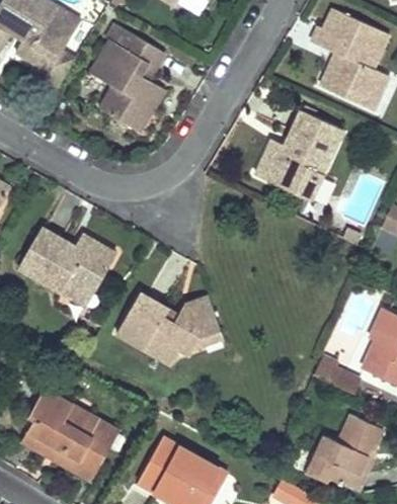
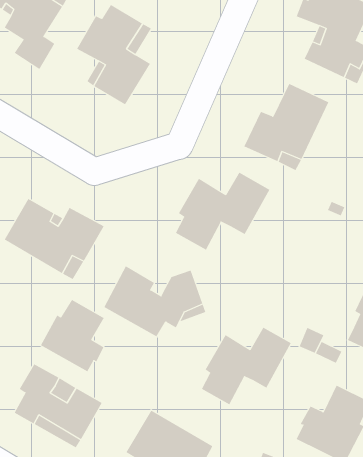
building: none -> [175,172,270,251]
building: none -> [40,299,105,372]
building: none -> [201,327,292,405]

